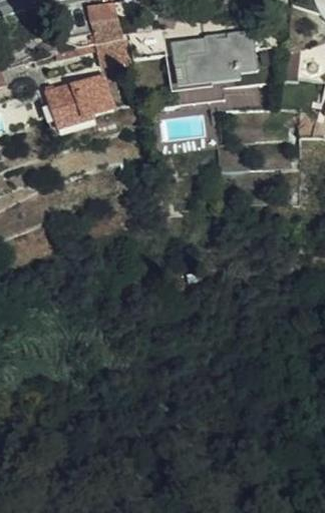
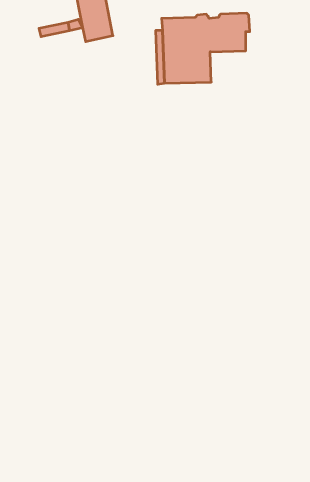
building: [43,74,112,128] -> none

